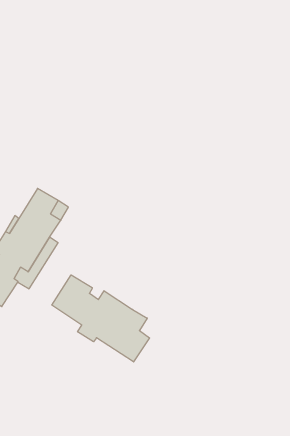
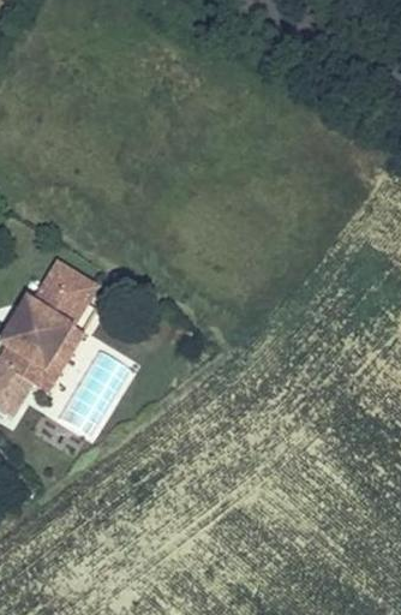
building: [52,275,150,362] -> none

